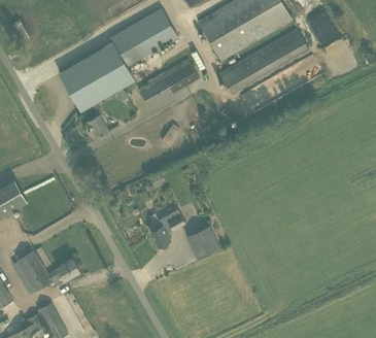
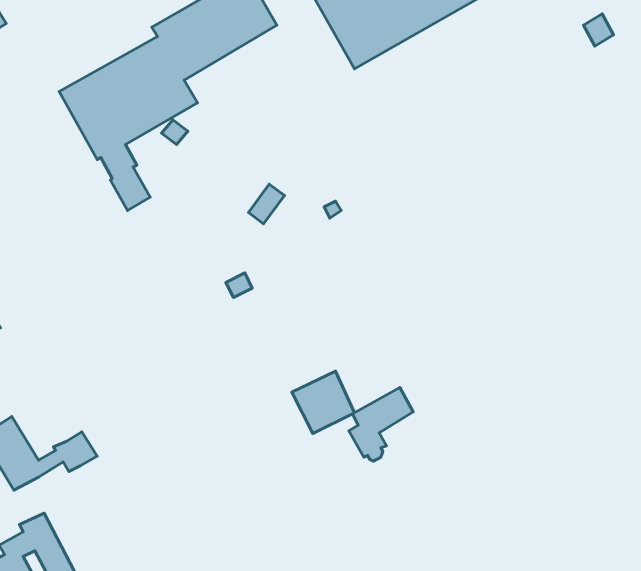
building: [217,29,307,94] -> none
building: [138,59,198,107] -> none
building: [149,209,184,249] -> [349,387,413,461]

